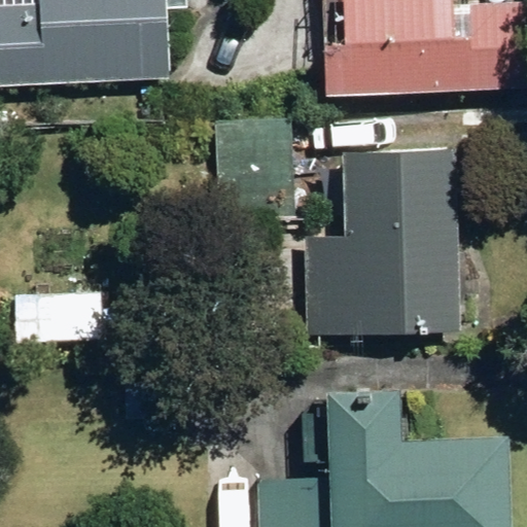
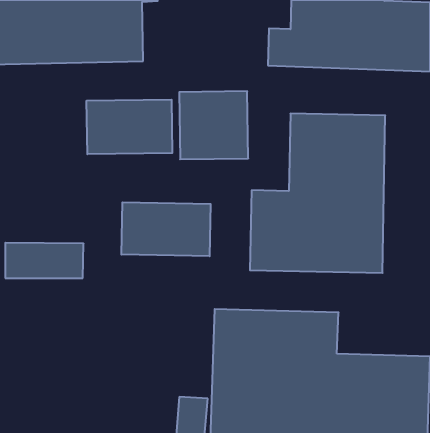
building: none -> [87,100,172,154]
building: none -> [121,202,211,256]

